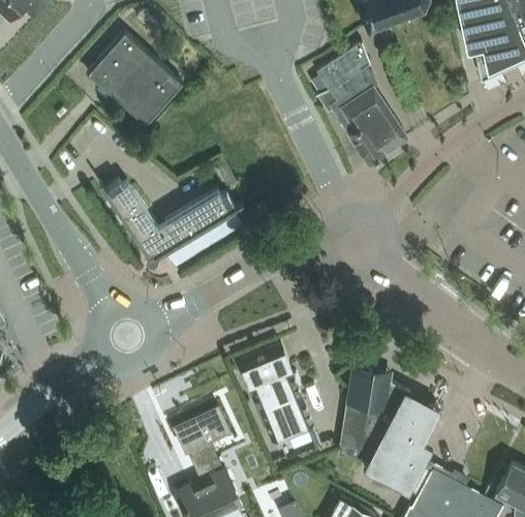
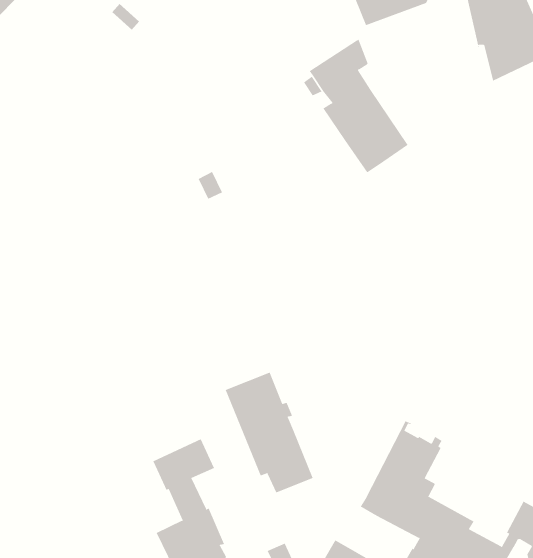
building: [88,31,182,124] -> none
building: [99,181,244,264] -> none
building: [339,369,404,460] -> none

